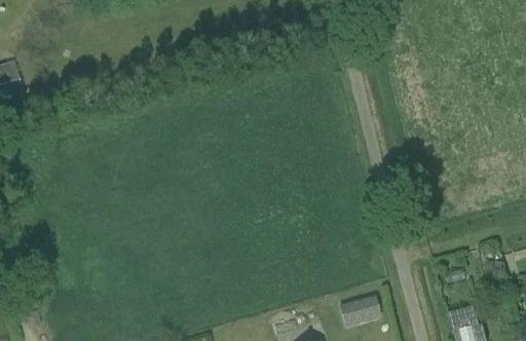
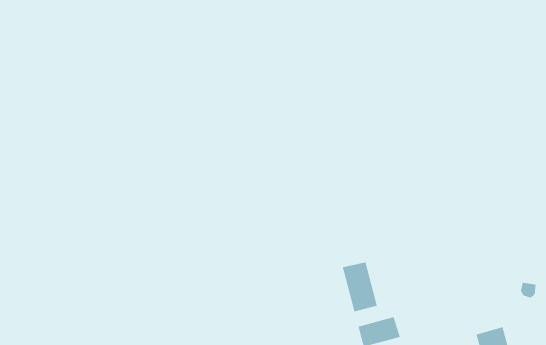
building: none -> [342,262,378,312]

